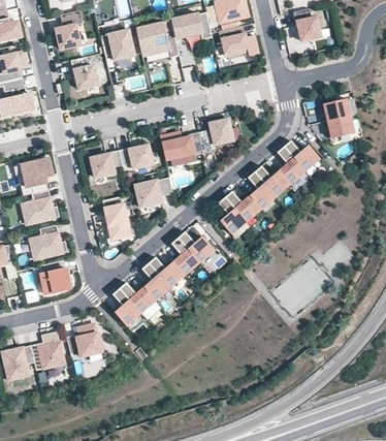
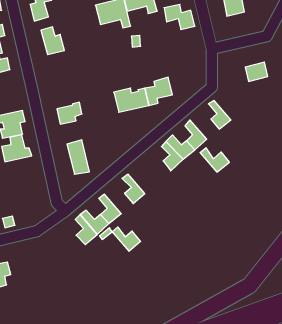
building: [100,34,135,64] -> none
building: [326,118,354,139] -> none
building: [284,141,319,171] -> none
building: [118,146,149,168] -> none
building: [254,165,290,195] -> [200,148,229,172]
building: [136,178,173,207] -> none
building: [30,225,67,258] -> none
building: [178,232,213,262] -> none
building: [149,257,184,287] -> [112,227,141,251]
building: [39,260,74,292] -> none
building: [66,324,103,356] -> none
building: [29,333,59,370] -> none

